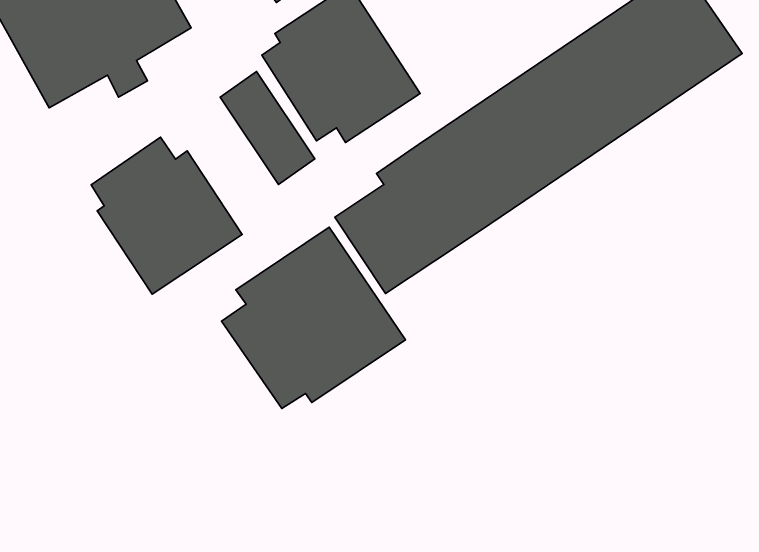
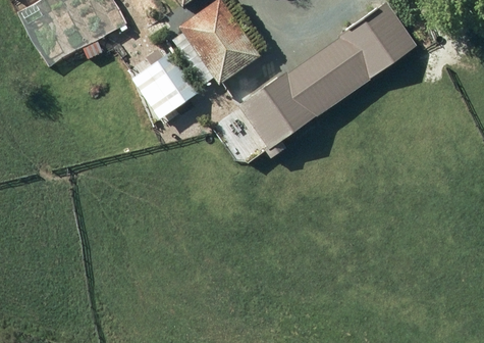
building: [91,137,242,294] -> none
building: [222,227,405,409] -> none

